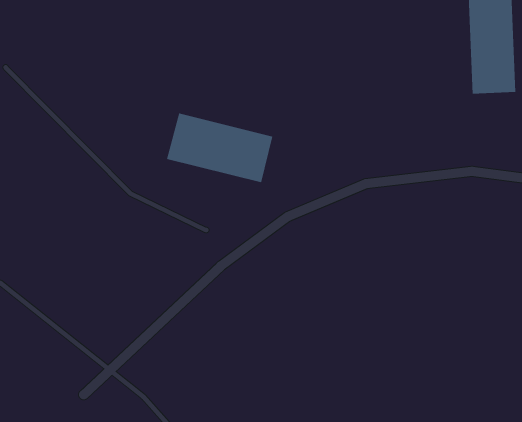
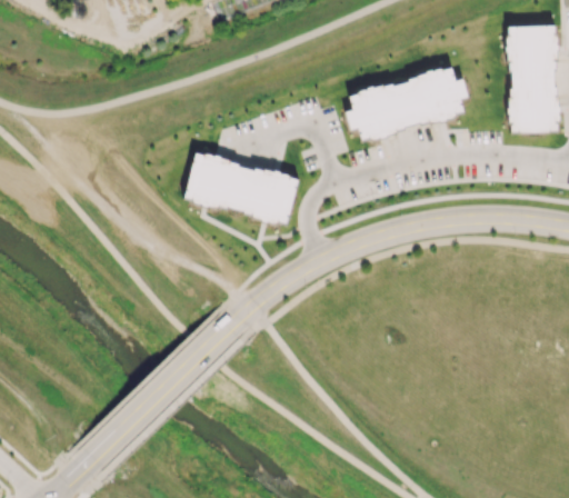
building: none -> [340,60,476,139]

